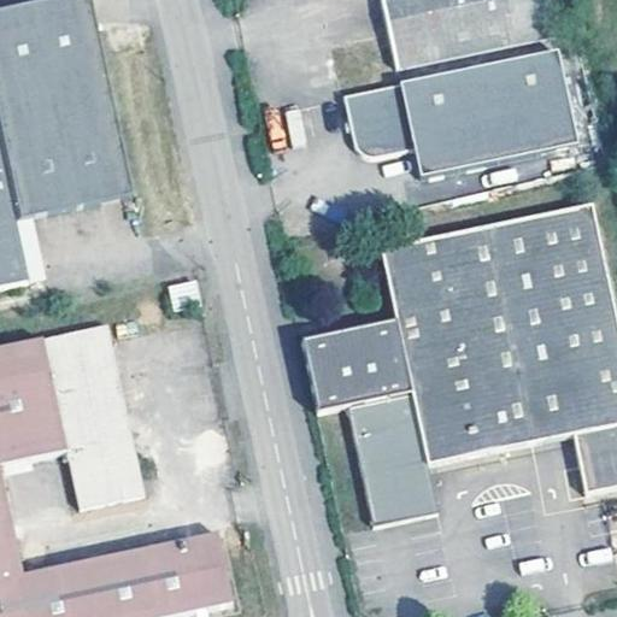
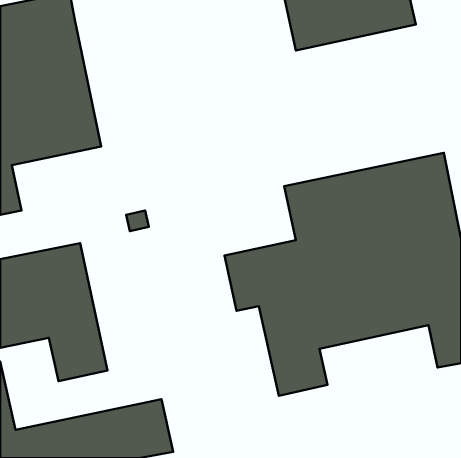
building: [345,47,578,175] -> none

